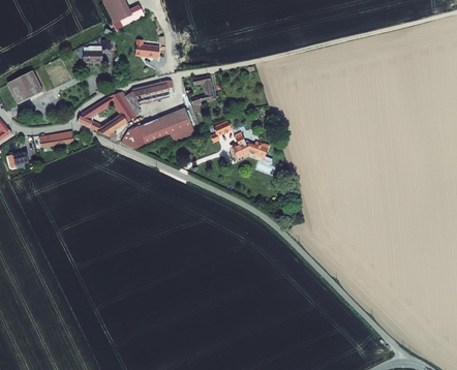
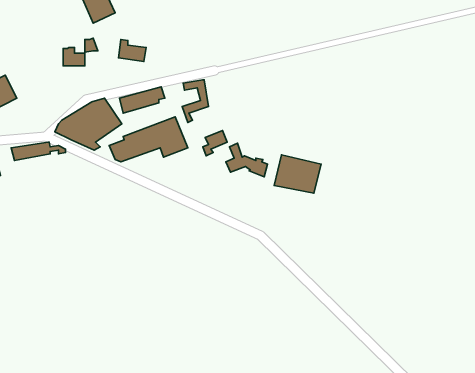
building: none -> [274,155,321,193]

